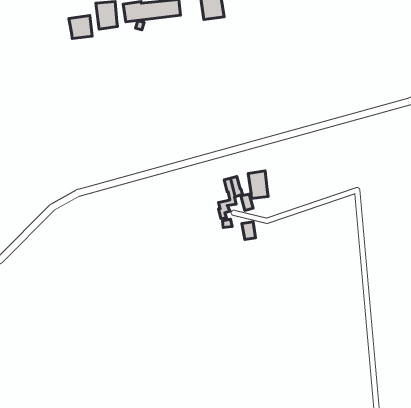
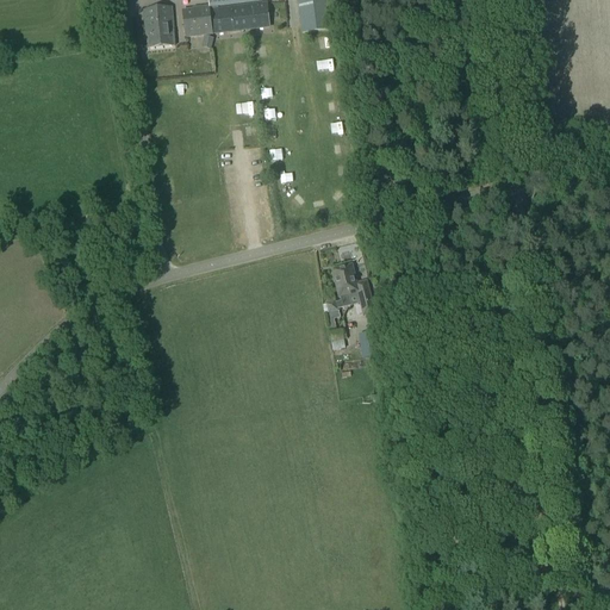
building: [69,15,92,39] -> none
building: [248,171,268,198] -> none

